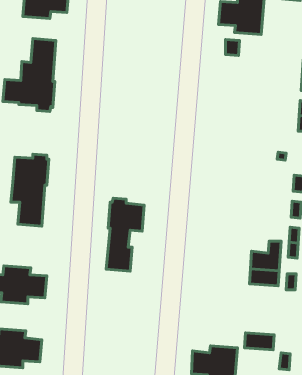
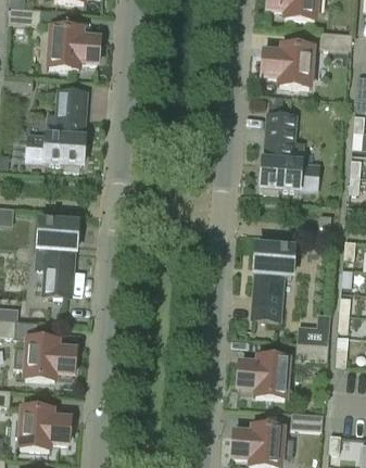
building: none -> [262,114,318,192]
building: [106,198,144,271] -> [253,239,294,318]
building: none -> [239,355,289,397]

